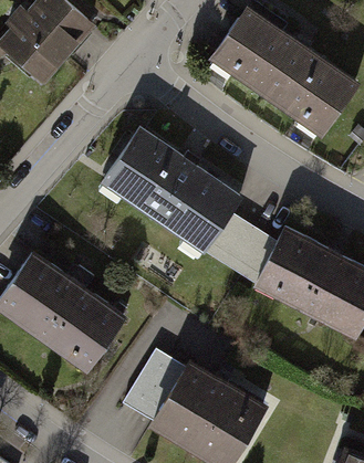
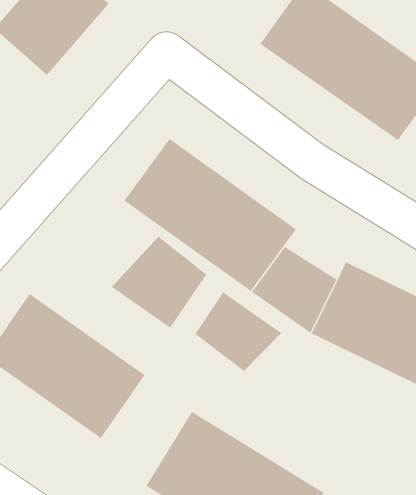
building: none -> [111,236,207,329]
building: none -> [195,291,282,372]

